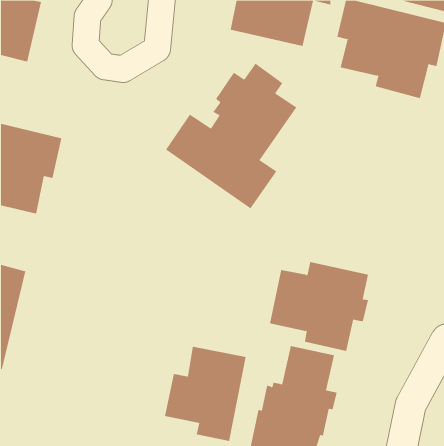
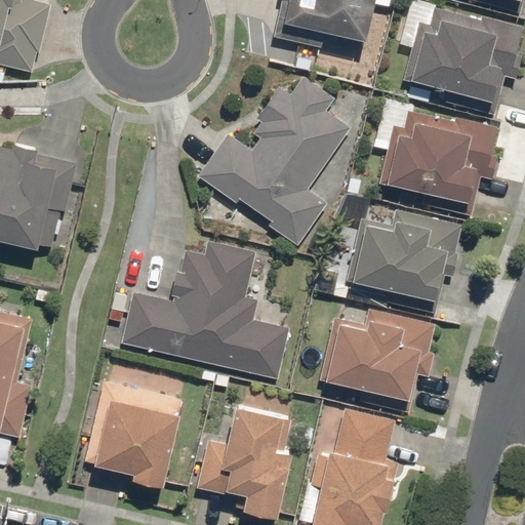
building: none -> [377,111,507,216]
building: none -> [346,200,463,314]
building: none -> [120,239,290,379]
building: none -> [82,380,181,488]

